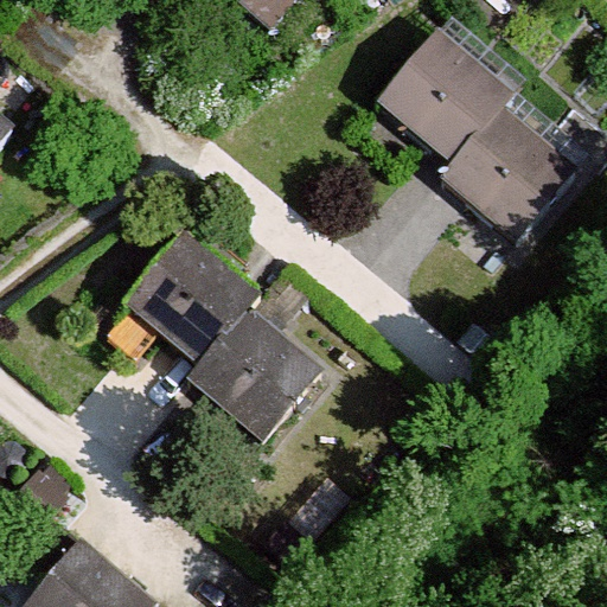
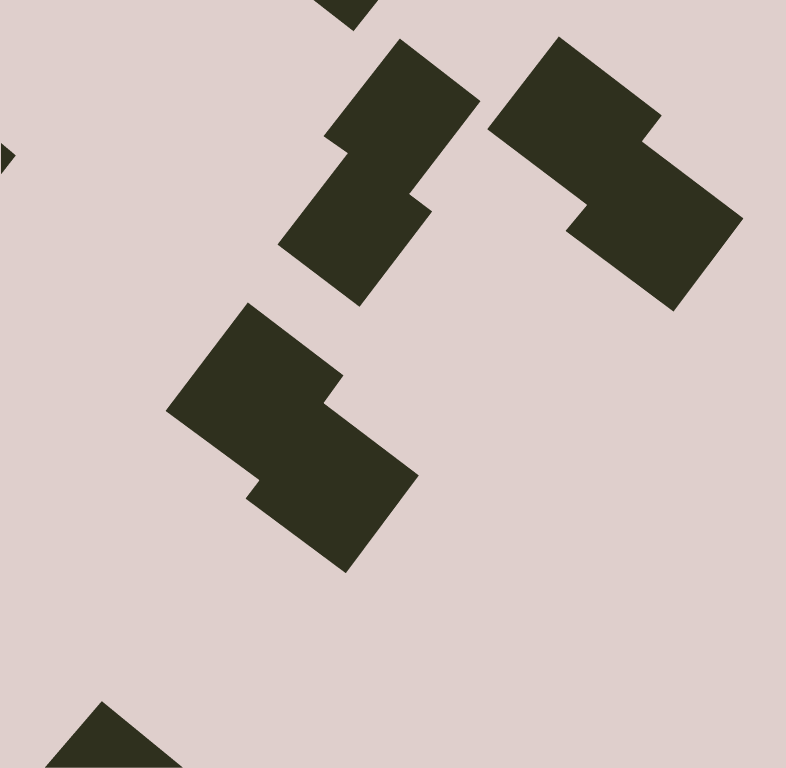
building: none -> [276,37,481,308]

